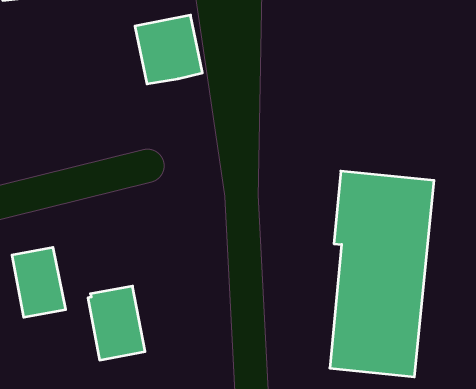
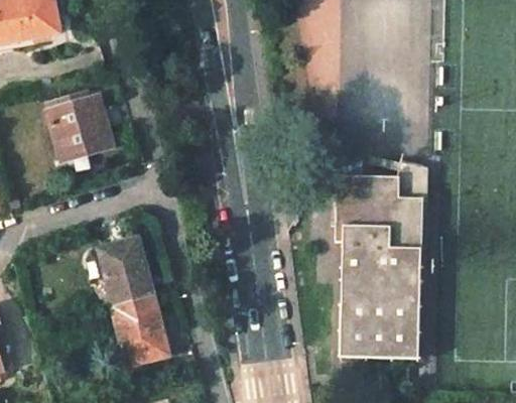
building: [135,15,202,84] -> [46,93,112,159]
building: [12,247,66,317] -> [100,240,153,306]

